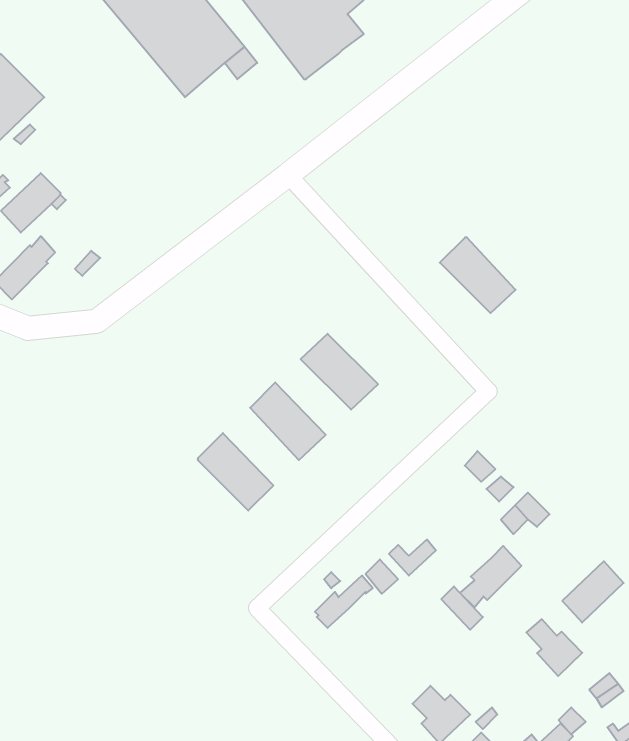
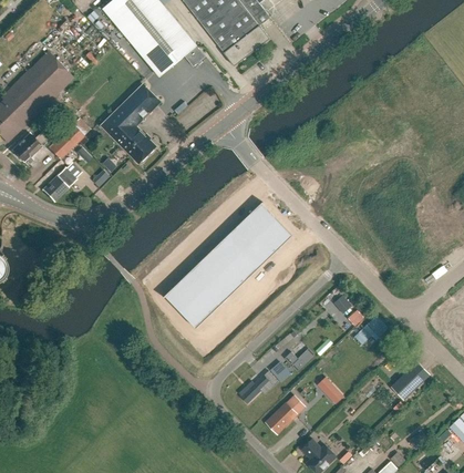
building: none -> [103,84,159,162]
building: [440,237,516,313] -> [247,206,293,253]
building: none -> [215,237,261,284]
building: none -> [183,267,229,315]
building: [460,546,521,607] -> [267,394,305,432]
building: [526,619,582,676] -> none

